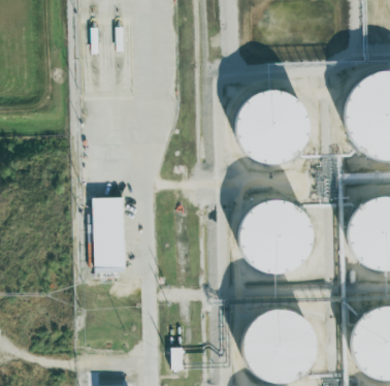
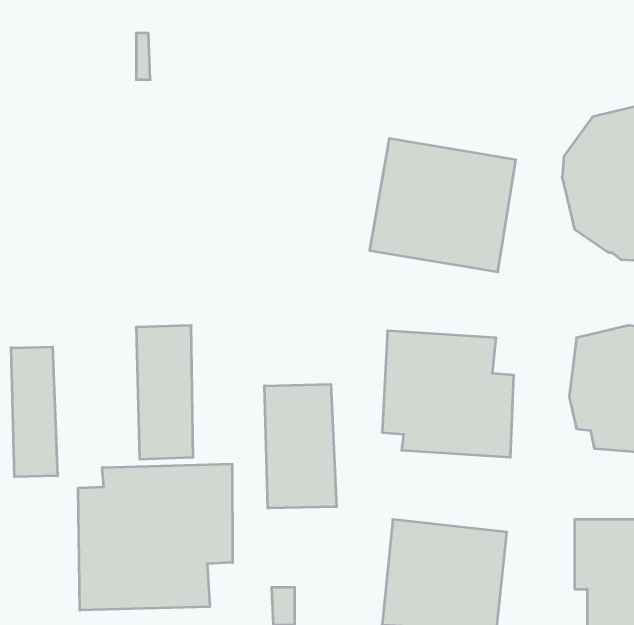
building: none -> [11,347,58,477]
building: none -> [265,384,337,508]
building: none -> [78,464,233,610]

